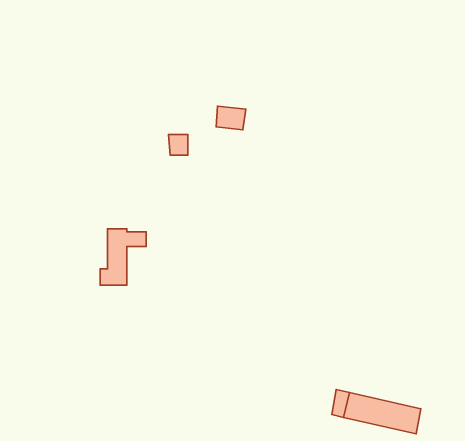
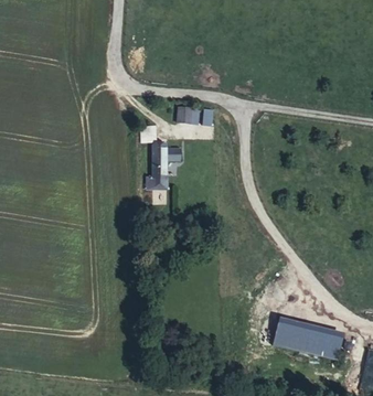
building: [100,229,146,285] -> [149,149,183,191]

